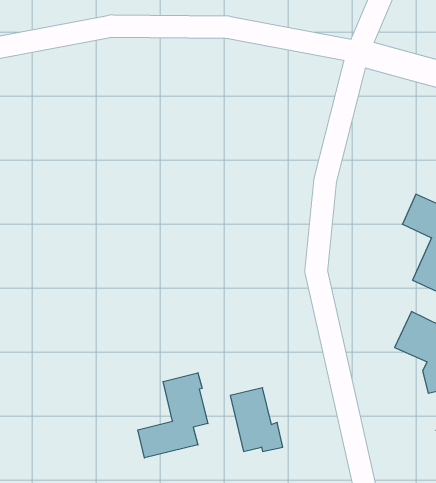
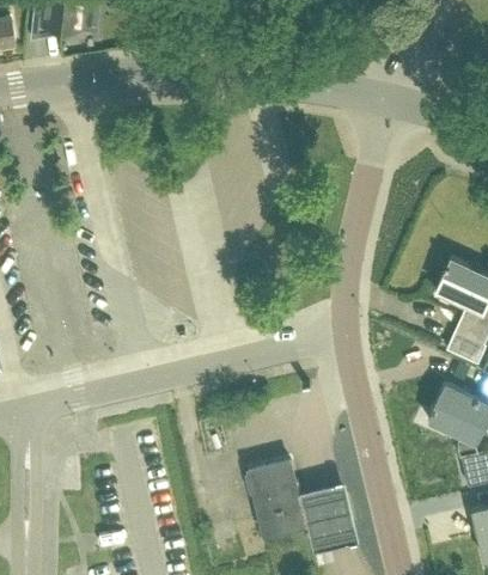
building: [138,373,208,458] -> none
building: none -> [298,477,356,548]

